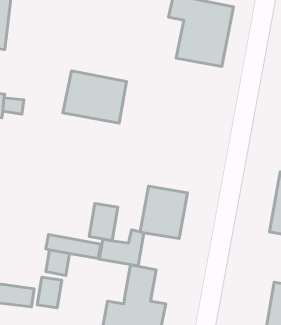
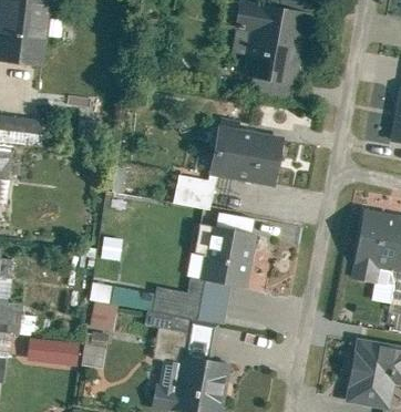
building: [63,71,127,123] -> [208,126,282,187]
building: none -> [174,175,216,209]
building: [89,203,118,240] -> [198,280,232,323]

